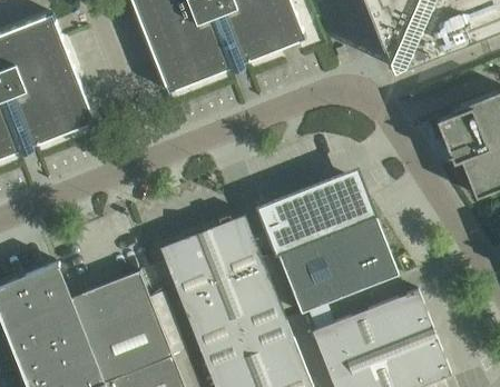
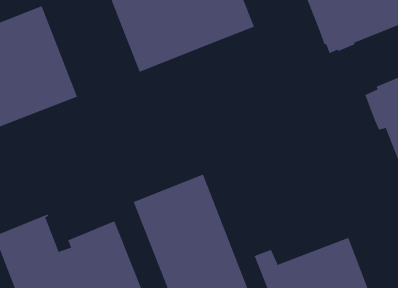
building: [261,179,400,315] -> none

